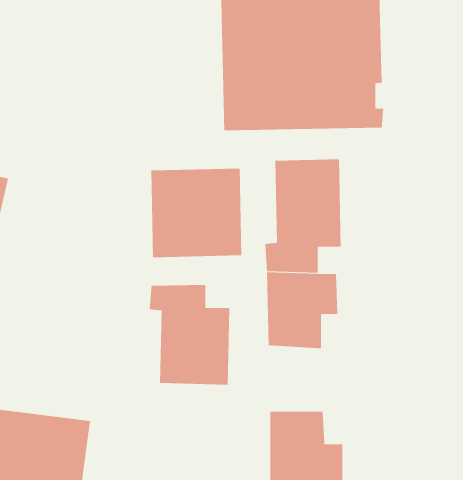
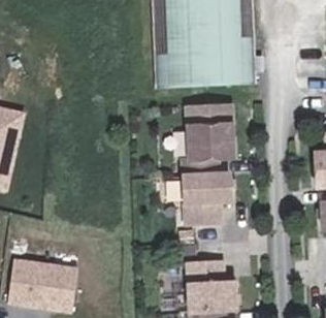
building: [151,168,242,258] -> none
building: [149,284,230,385] -> none

